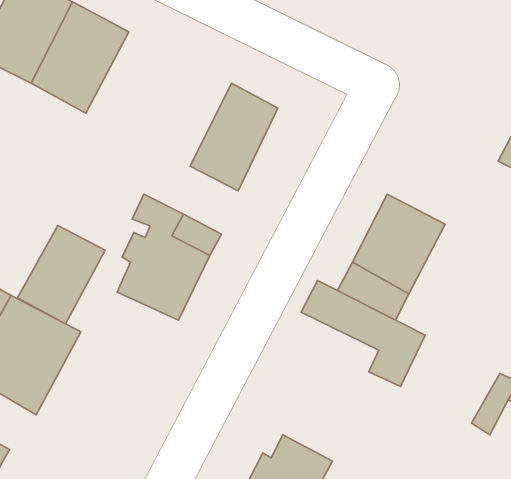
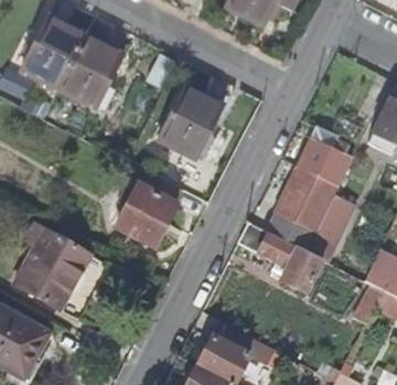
building: none -> [296,133,348,182]
building: [17,225,105,324] -> none
building: none -> [308,192,356,259]

